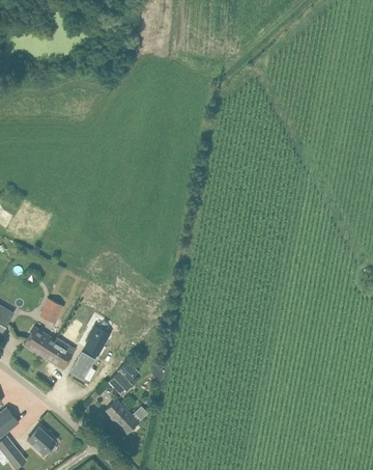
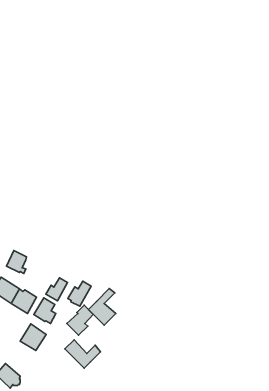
building: none -> [68,281,91,306]
building: none -> [88,289,116,325]
building: none -> [20,324,46,351]

